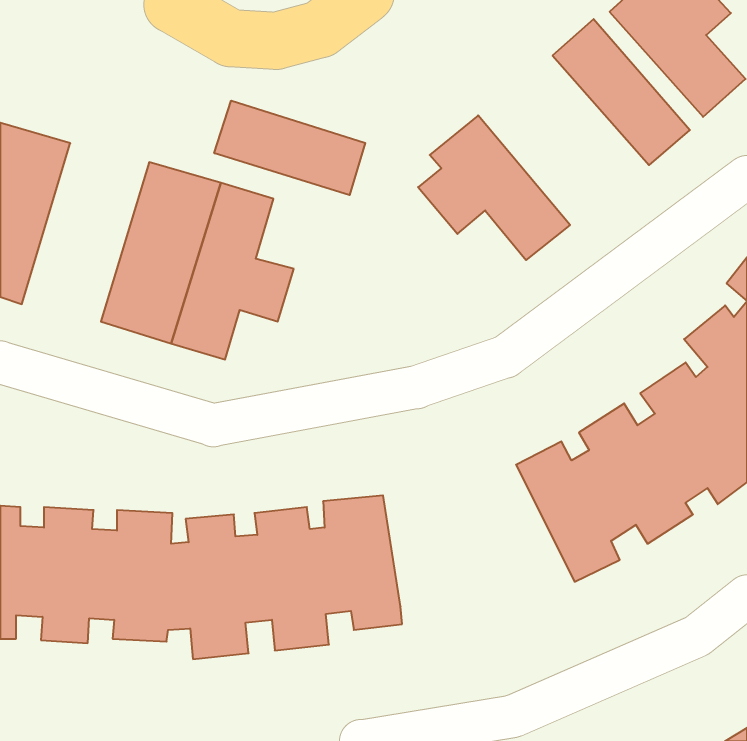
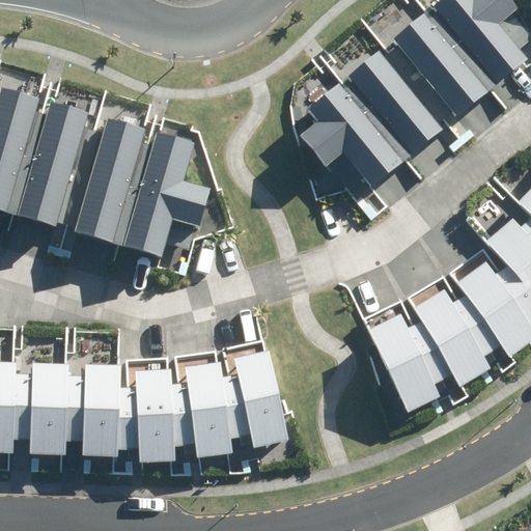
building: none -> [347,50,446,153]
building: [214,101,365,195] -> none
building: none -> [16,102,90,228]

